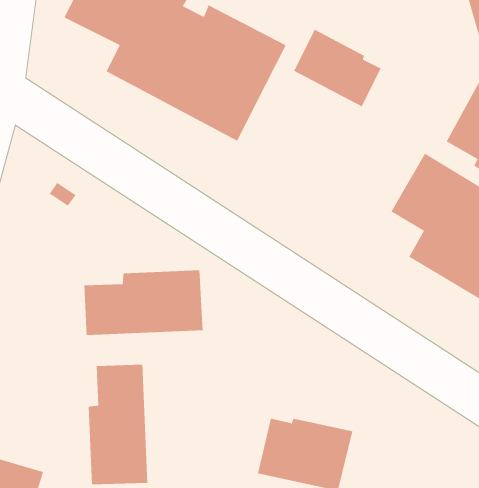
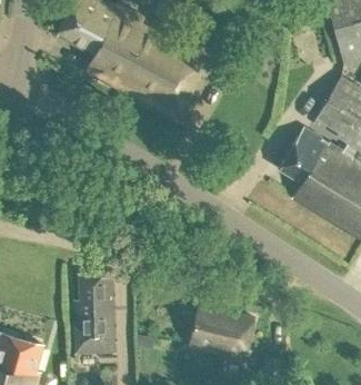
building: [294,29,381,107] -> none
building: [84,270,203,336] -> none

